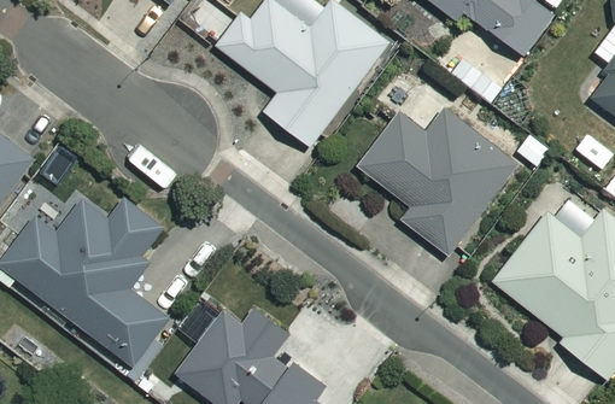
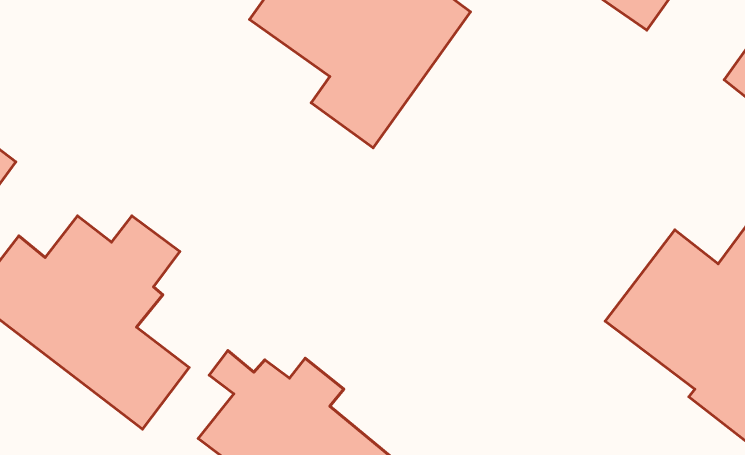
building: [357,110,519,256] -> none

